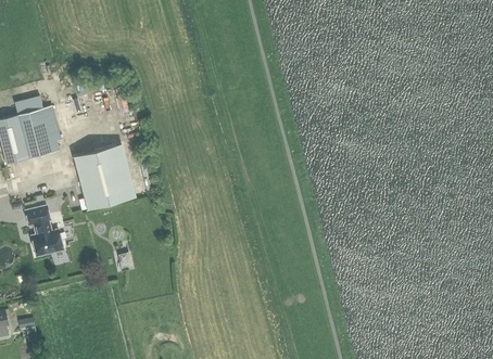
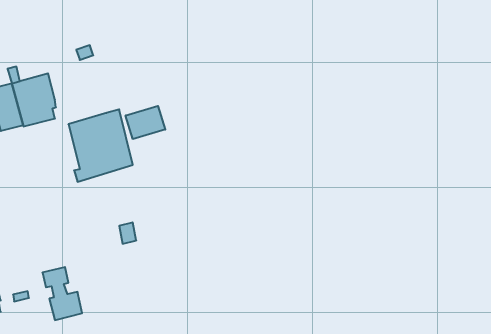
building: none -> [126,106,165,139]
building: [25,206,63,257] -> [42,267,82,320]

